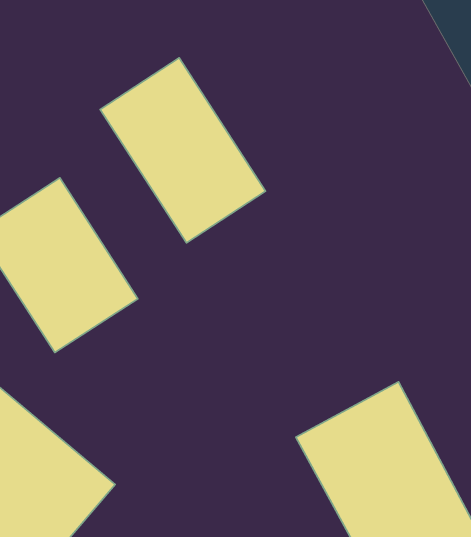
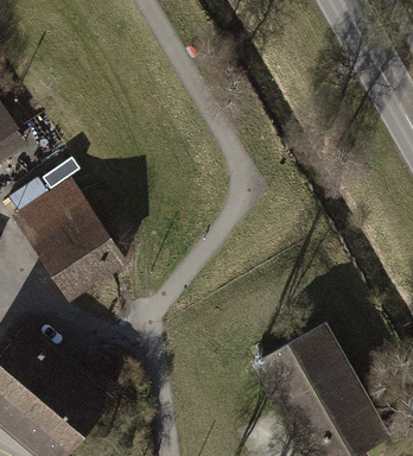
building: [100,58,265,243] -> none

